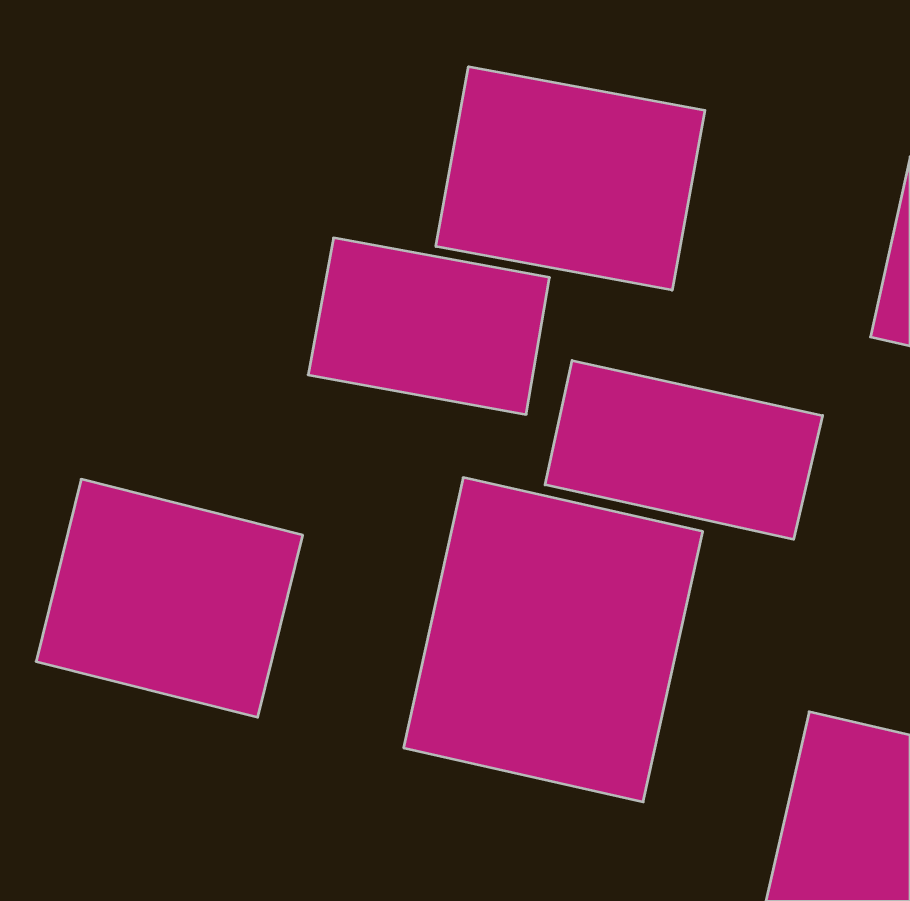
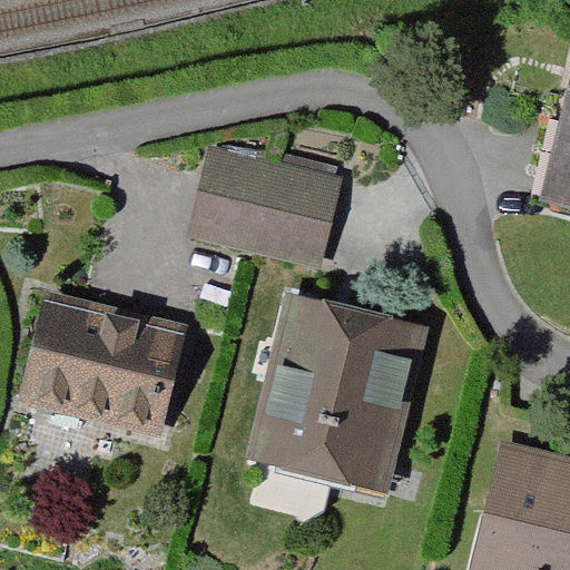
building: [436,67,705,290] -> none
building: [545,360,823,539] -> none

